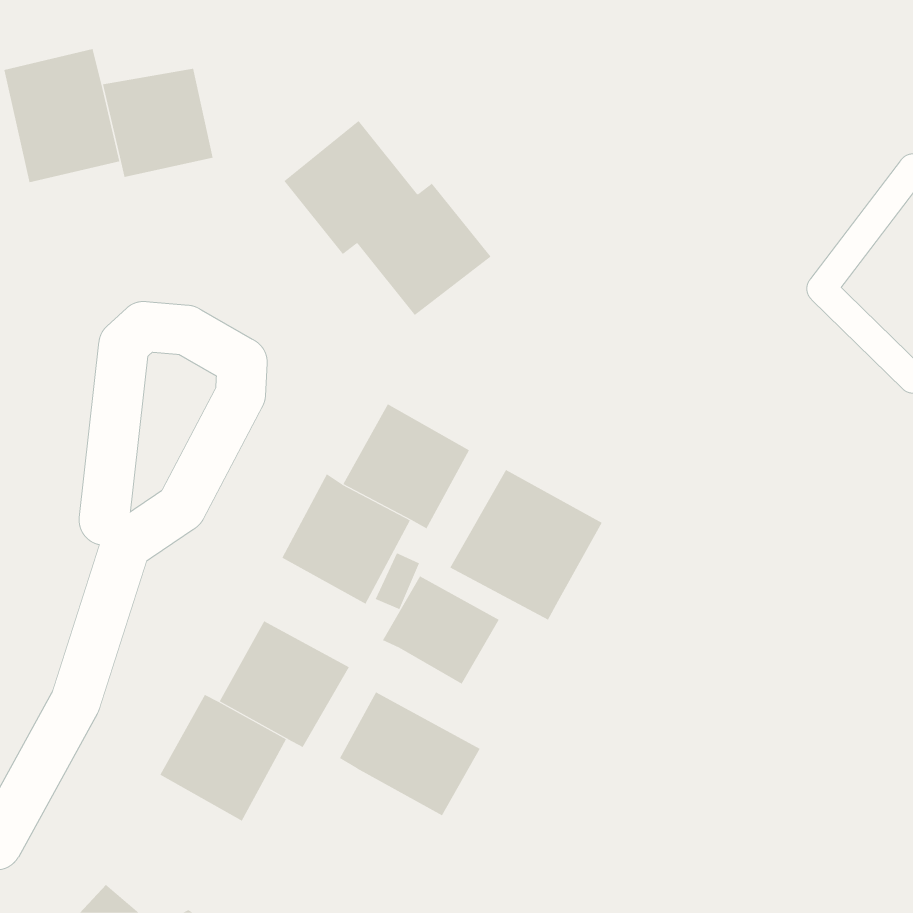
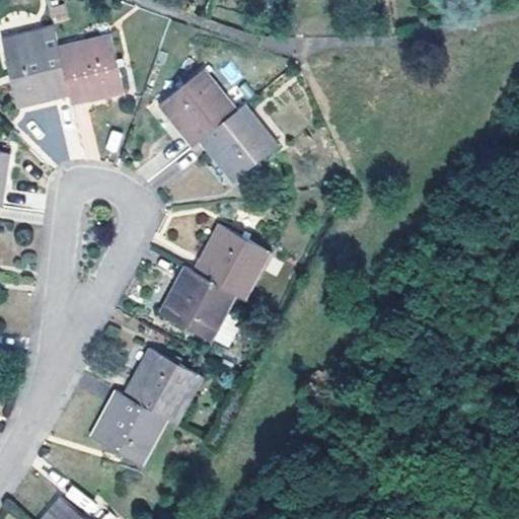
building: [450,469,602,620] -> none
building: [382,575,499,685] -> none
building: [339,691,480,816] -> none

